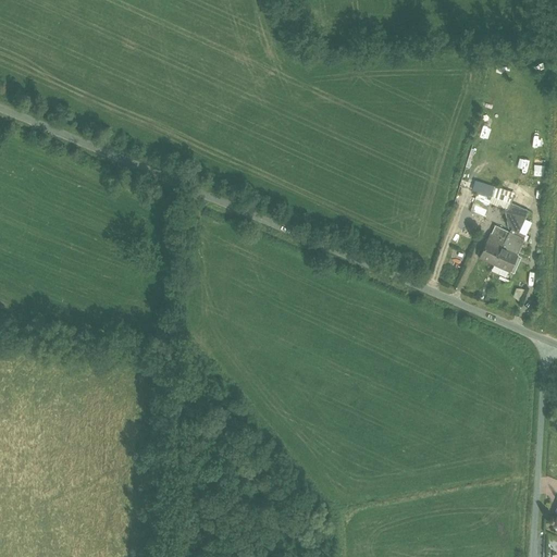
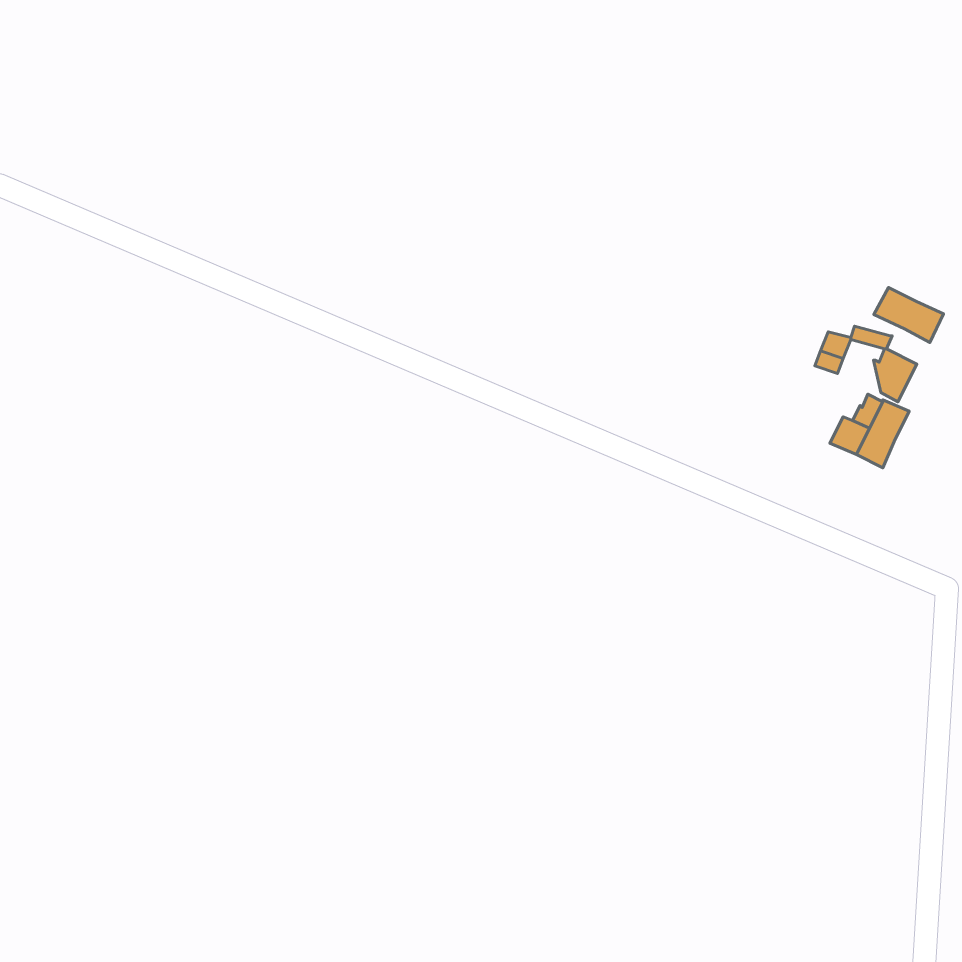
building: none -> [874,287,943,343]

